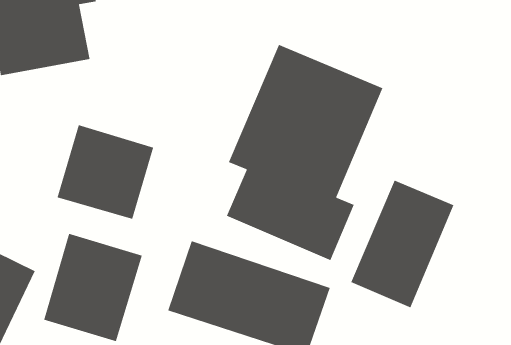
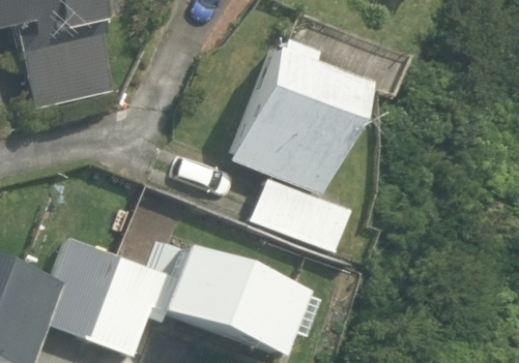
building: [57,124,154,220] -> none
building: [350,180,454,308] -> none

